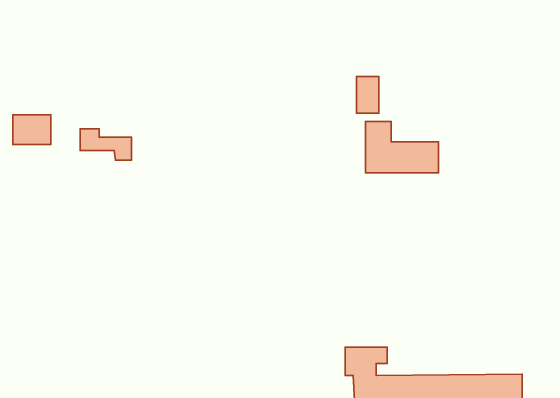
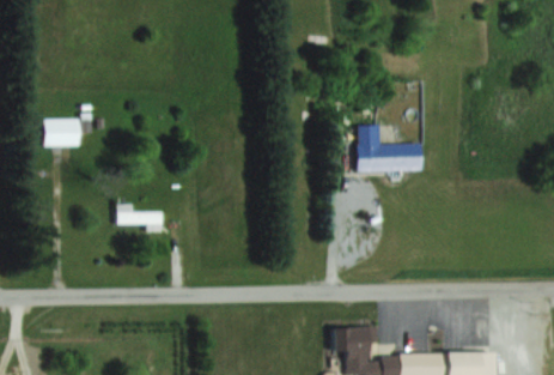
building: [356,76,379,113] -> none
building: [80,129,132,160] -> [117,205,163,232]

